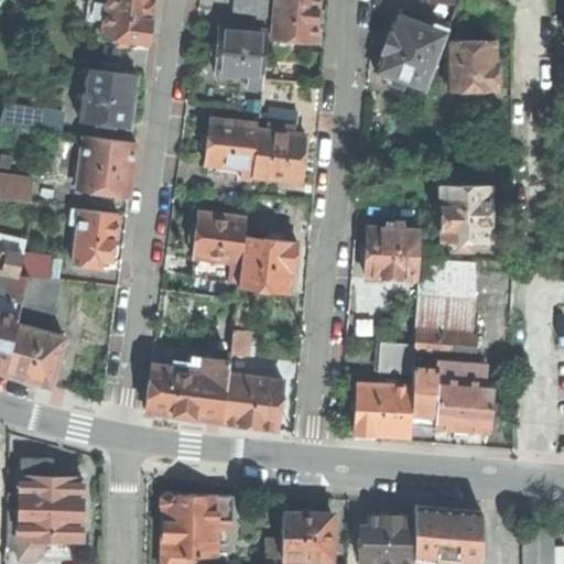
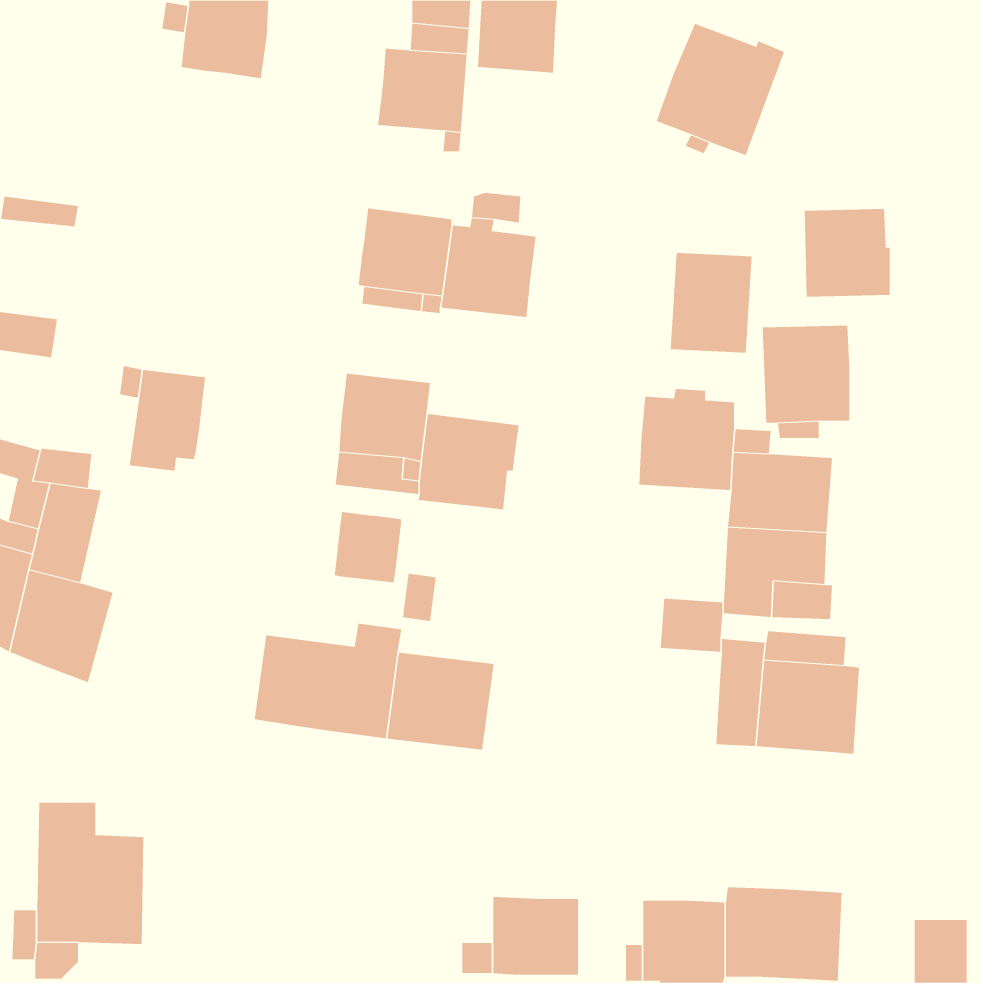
building: [448,41,498,91] -> [804,209,890,297]
building: [82,70,138,128] -> none
building: [78,139,137,198] -> none
building: none -> [670,252,752,354]
building: none -> [334,511,402,583]
building: [355,383,412,440] -> none
building: [161,492,232,555] -> none

